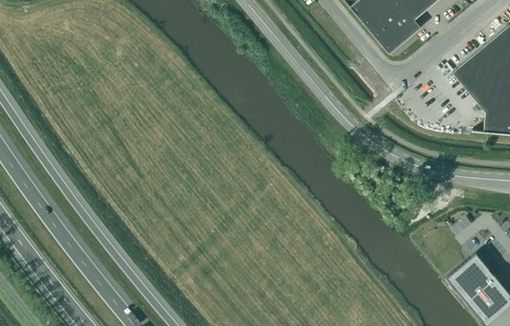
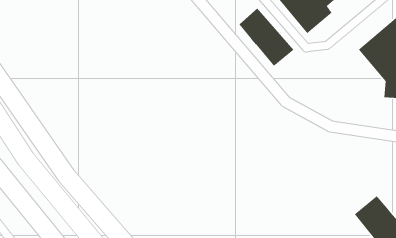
building: none -> [239,8,295,67]

